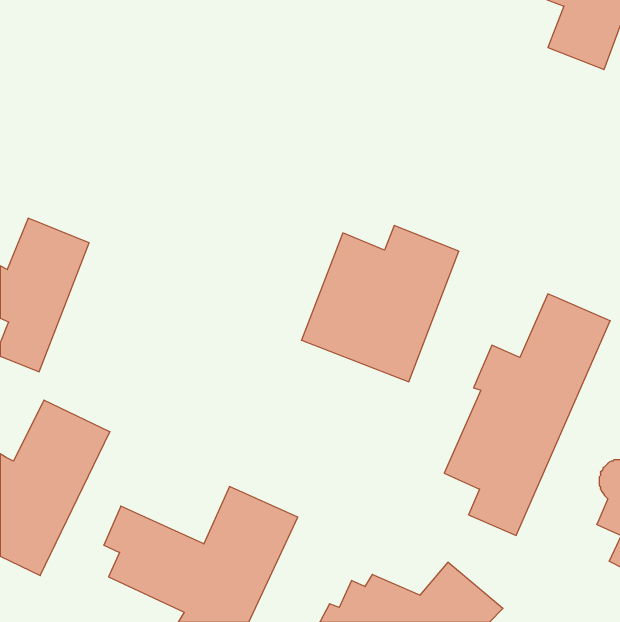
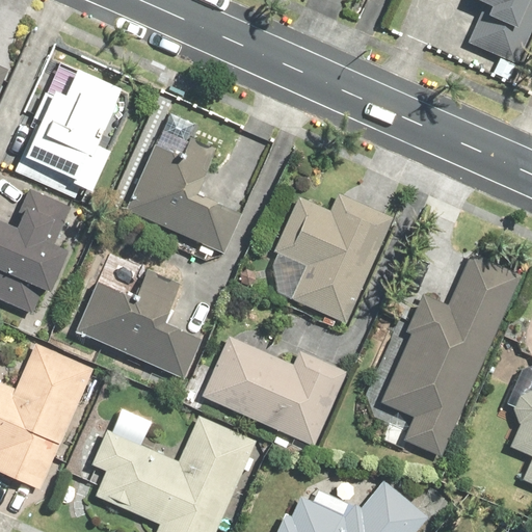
building: none -> [16,88,107,198]
building: none -> [125,112,243,257]
building: none -> [74,263,201,380]
building: none -> [201,332,347,447]

